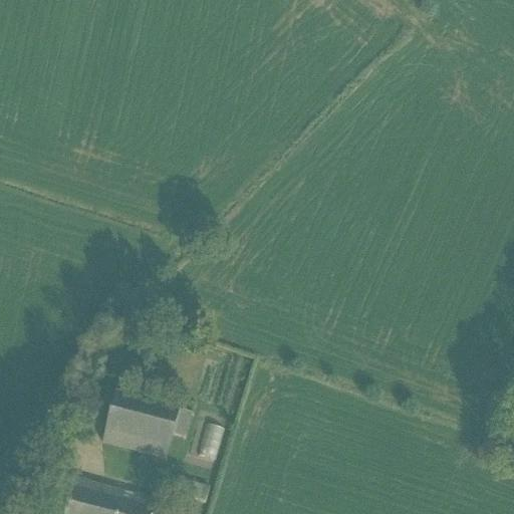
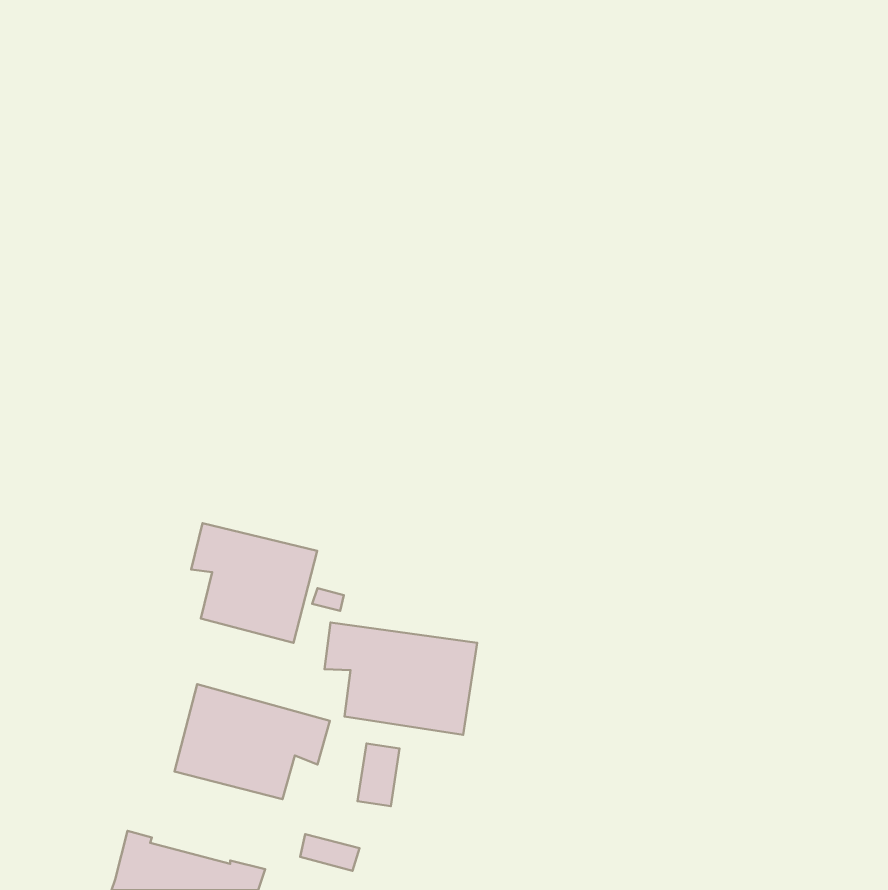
building: none -> [191,523,317,643]
building: none -> [324,623,477,735]

